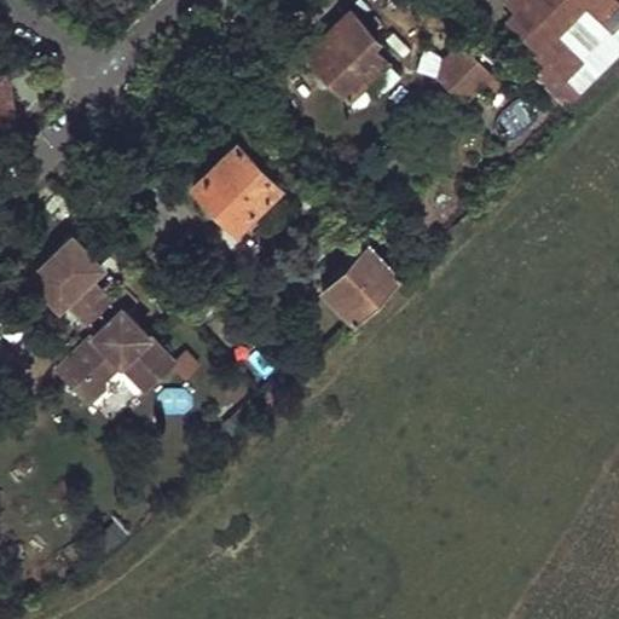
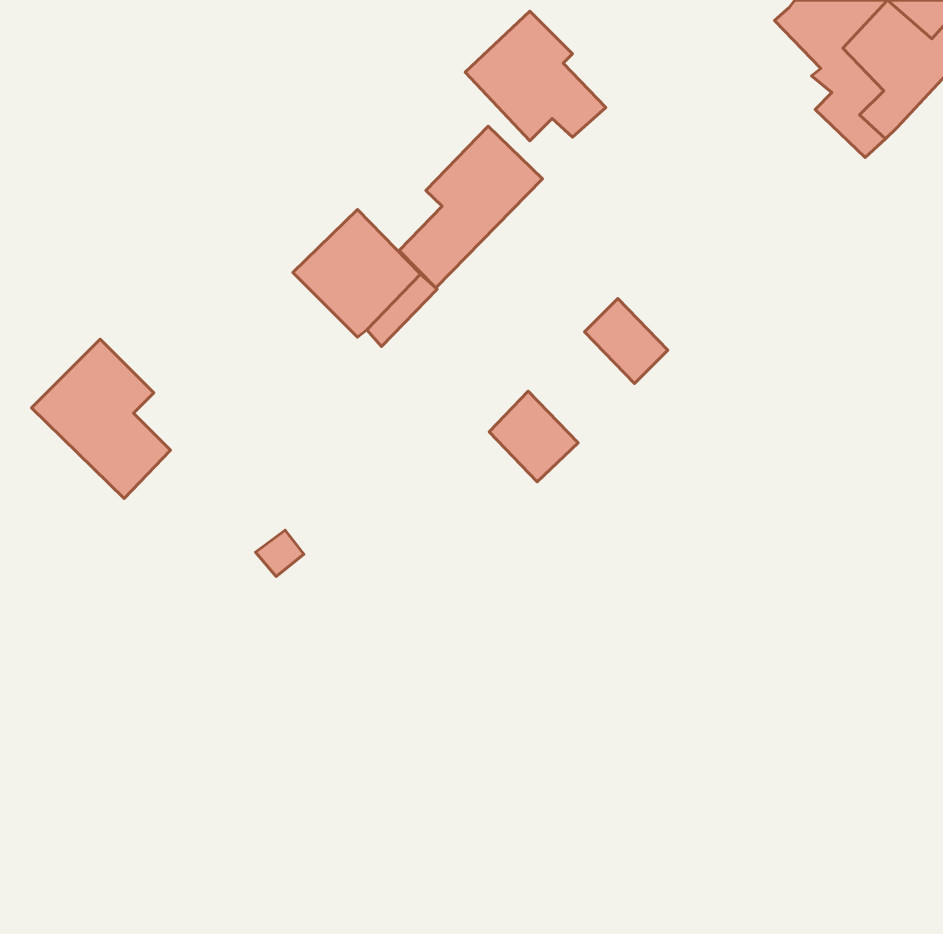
building: [439,52,508,108] -> none
building: none -> [399,126,543,288]
building: [347,242,401,297] -> [585,298,668,384]
building: [51,302,168,399] -> none

